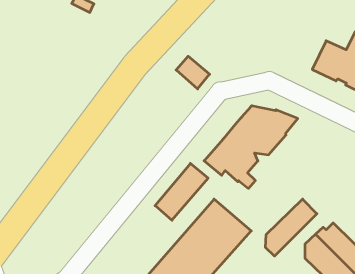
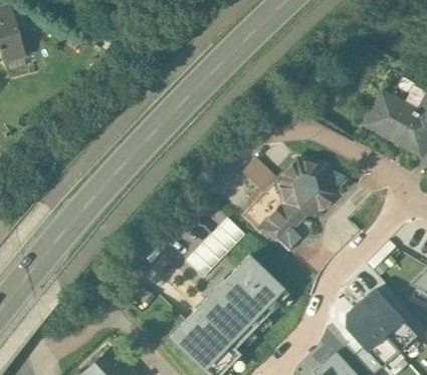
building: [176,56,210,89] -> [243,156,279,193]
building: [265,199,317,256] -> none

